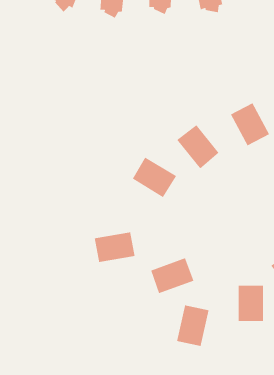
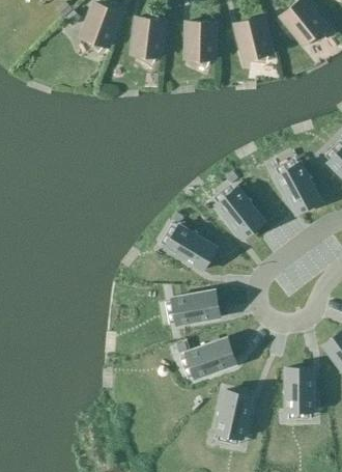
building: [94,232,135,263] -> [174,288,221,324]

